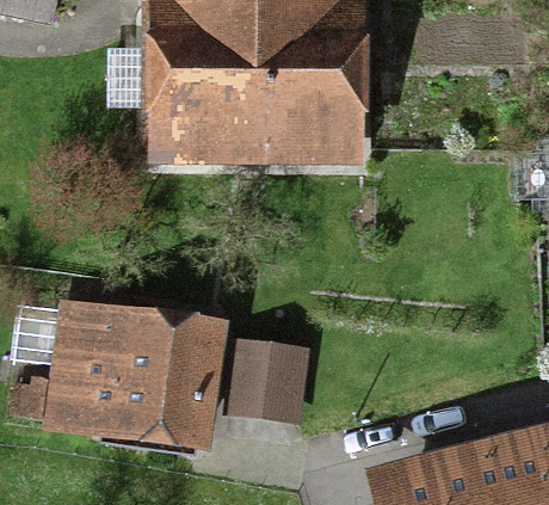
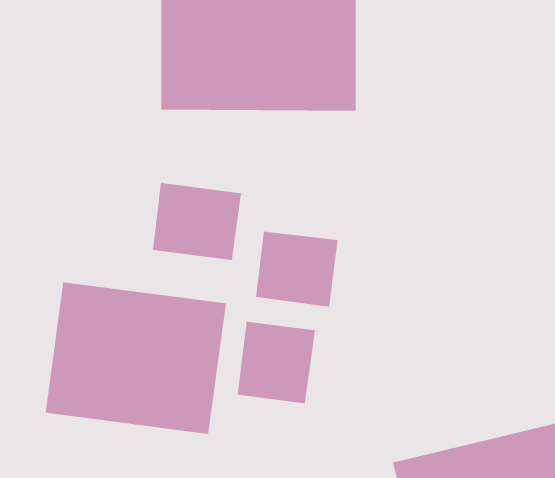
building: none -> [153,182,242,261]
building: none -> [255,231,338,308]

